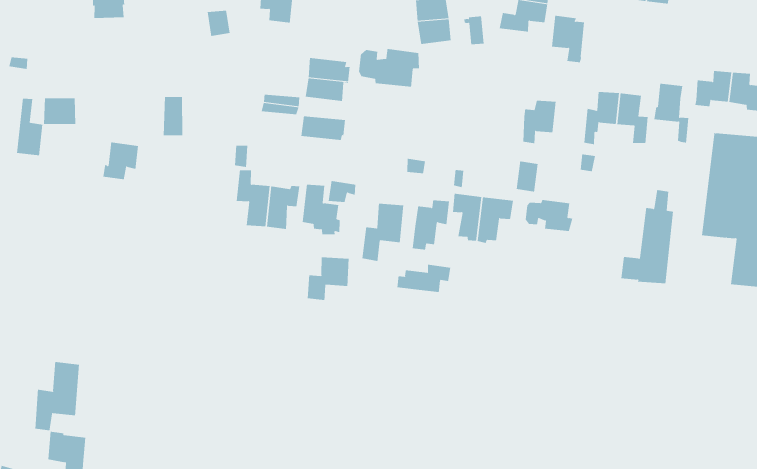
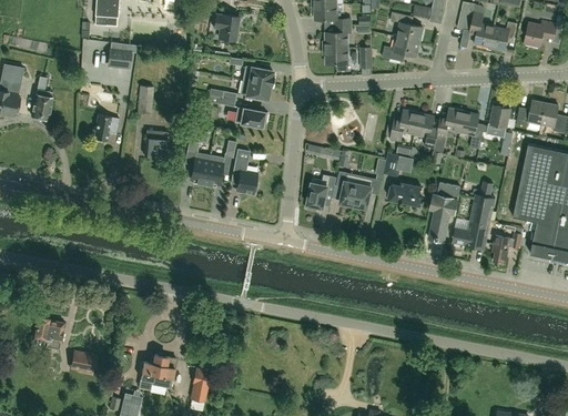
building: [551,15,585,63] -> [414,112,439,148]
building: [359,48,419,87] -> none
building: [43,98,76,125] -> [106,47,131,68]
building: none -> [144,130,168,156]
building: none -> [428,182,460,241]
building: [362,203,404,262] -> none
building: none -> [493,231,521,262]
building: [307,257,349,301] -> none
building: [397,264,451,293] -> none
building: [35,361,80,431] -> none

